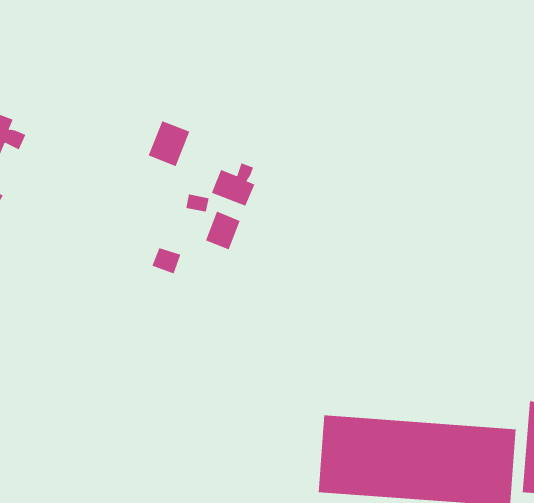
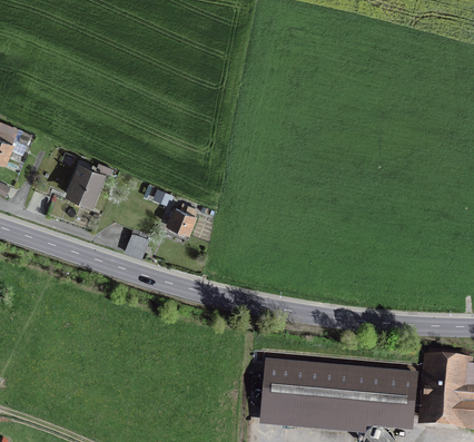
building: [148,120,190,167] -> [69,164,102,200]
building: [211,163,255,206] -> none

